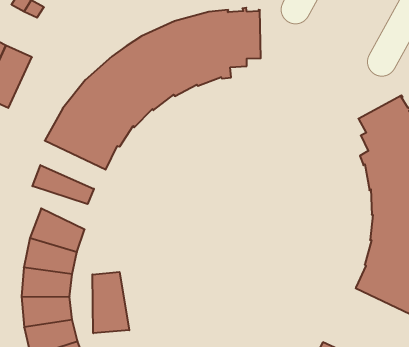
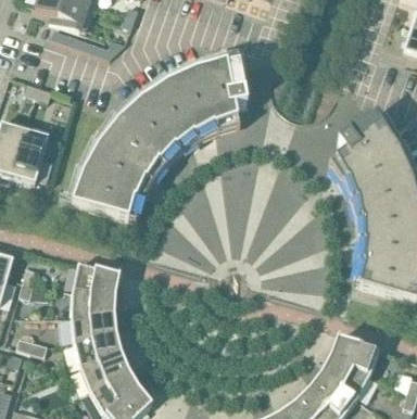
building: [32,165,94,204] -> none
building: [92,272,129,333] -> none

